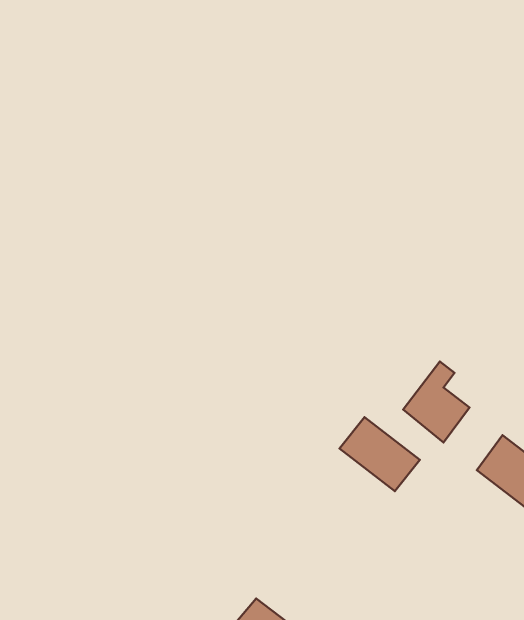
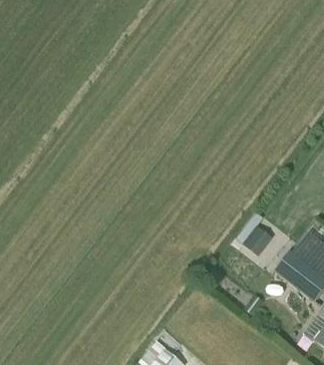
building: [339,417,420,491] -> none

